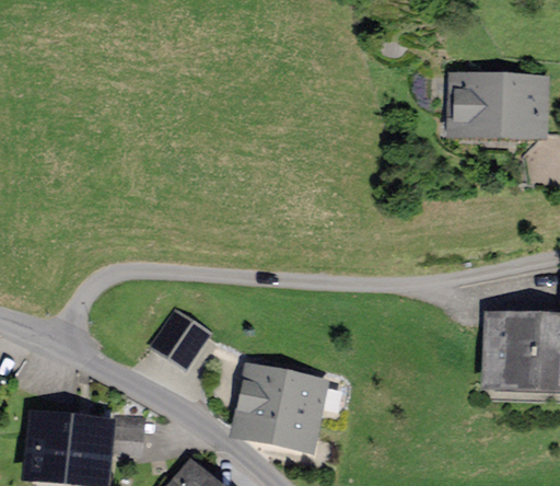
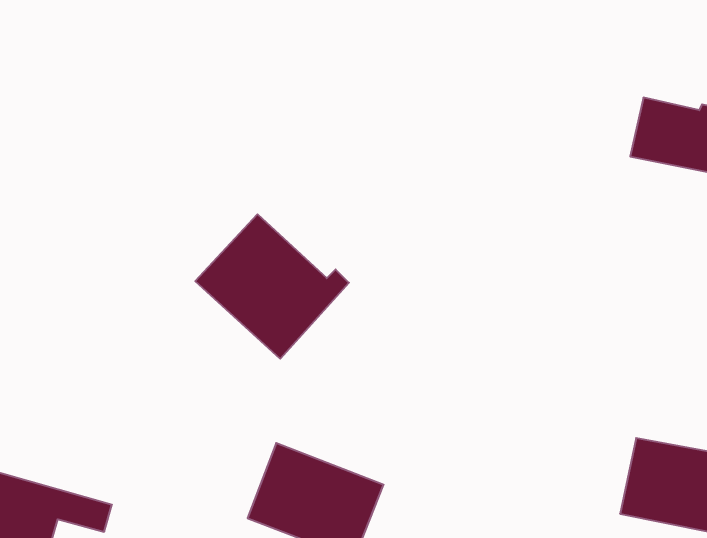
building: none -> [195,214,349,359]
building: [156,315,203,363] -> none

